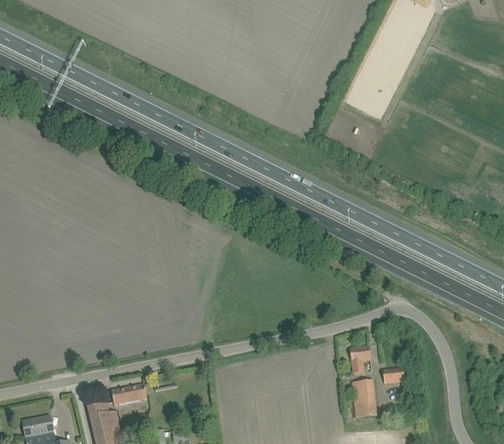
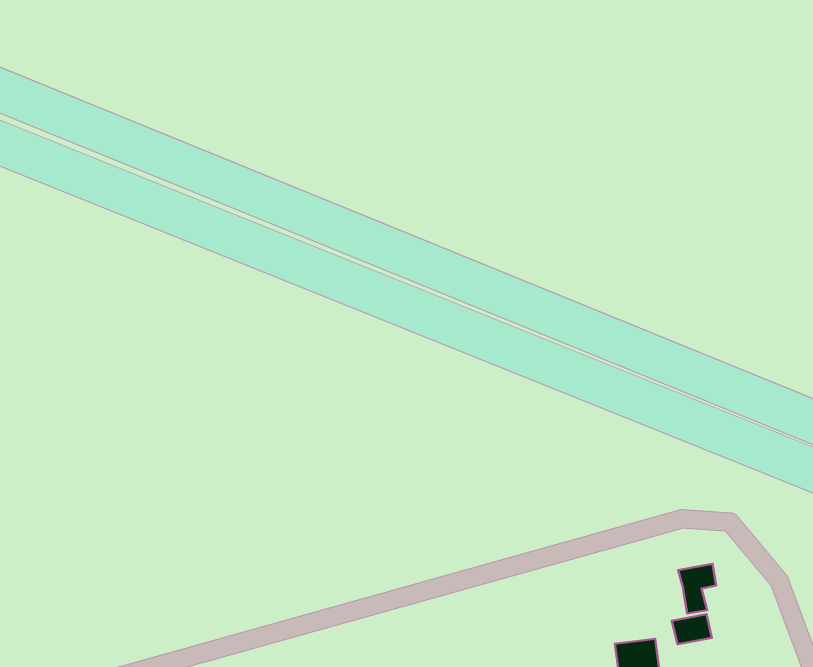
building: [350,346,370,373] -> [678,564,716,614]

